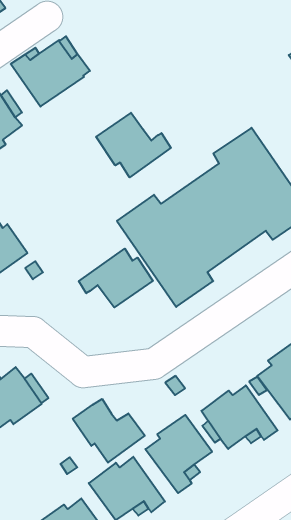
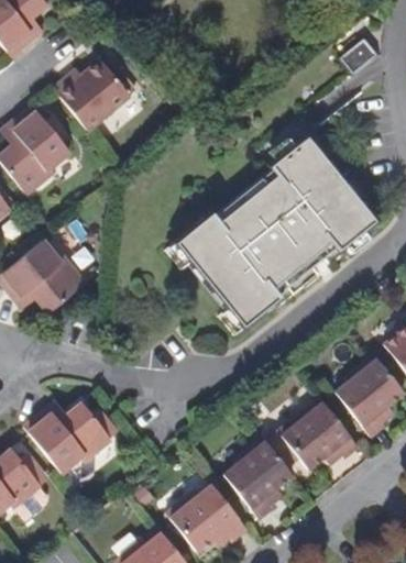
building: [96,113,171,177] -> none
building: [79,249,153,307] -> none
building: [73,399,145,463] -> none

